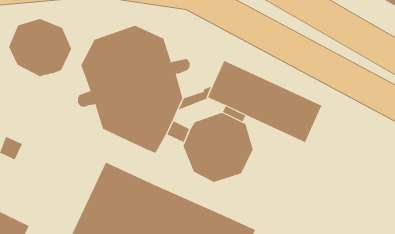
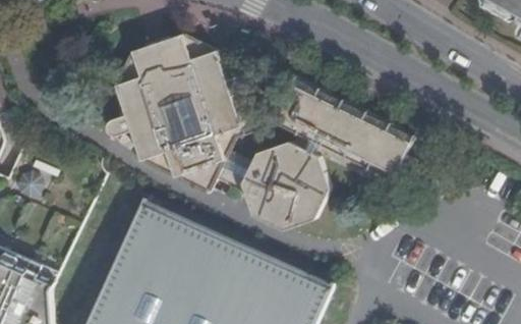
building: [8,18,72,77] -> none

